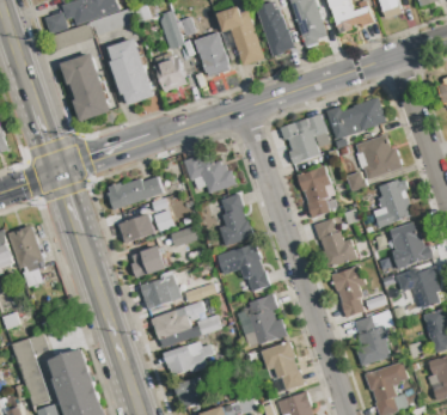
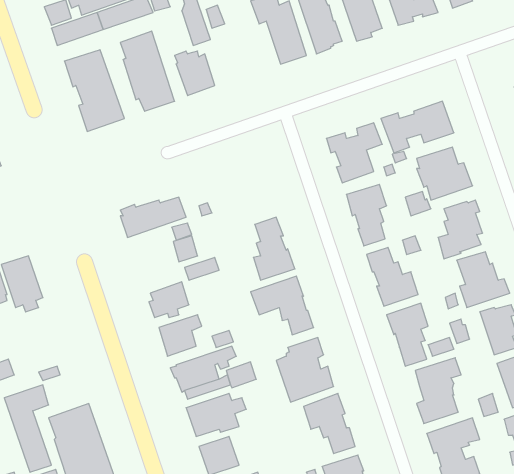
building: [194,33,229,77] -> none
building: [183,155,235,194] -> none
building: [117,214,153,243] -> none

